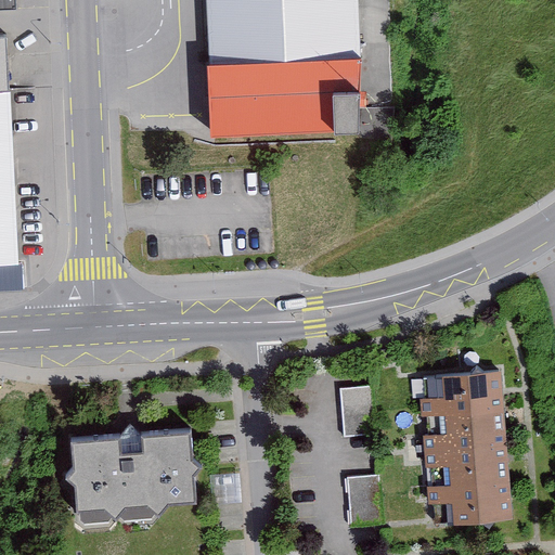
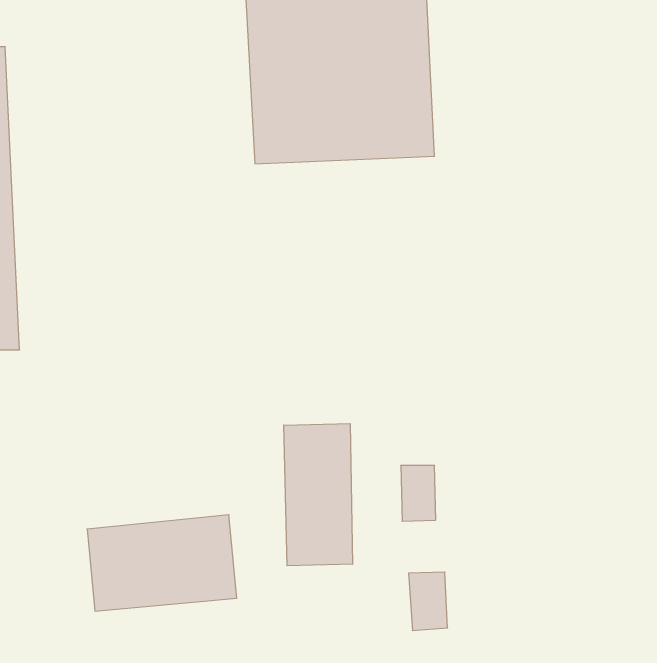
building: none -> [284,424,353,566]
building: [414,374,505,520] -> none

